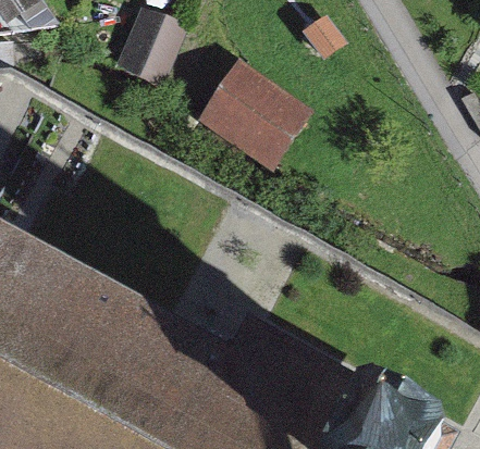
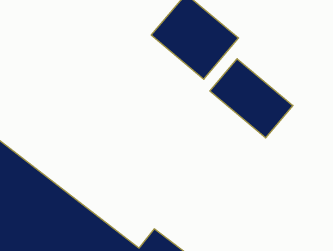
building: none -> [210,59,293,138]

